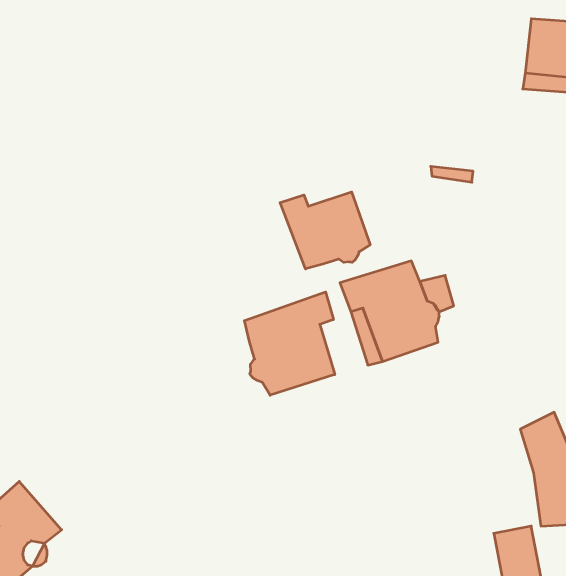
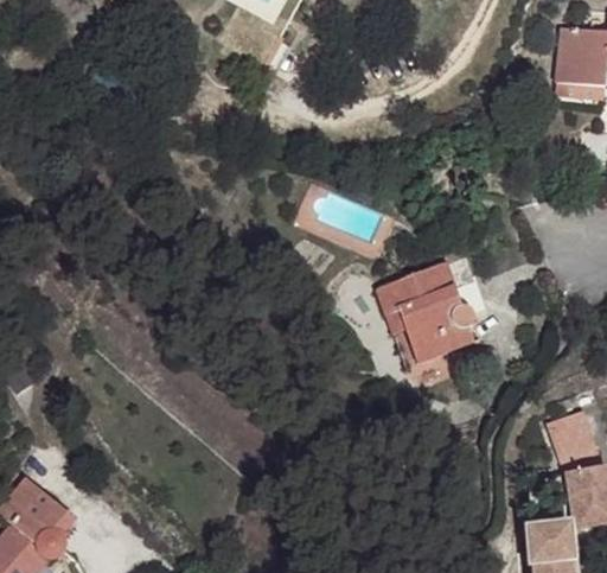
building: [280,192,370,269] -> none
building: [244,292,335,395] -> none

